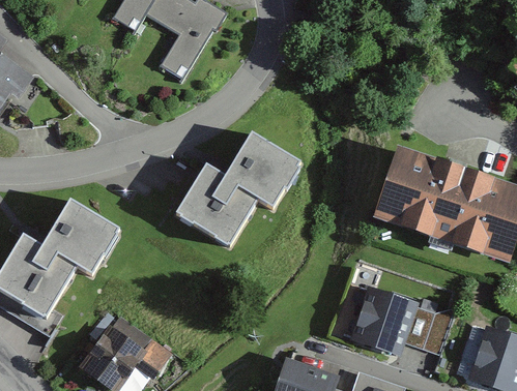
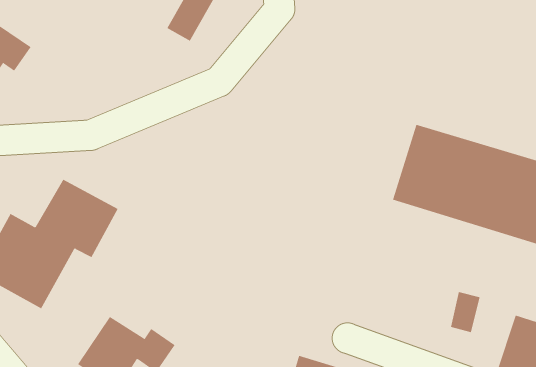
building: [174,136,301,247] -> none
building: [354,290,417,353] -> none

